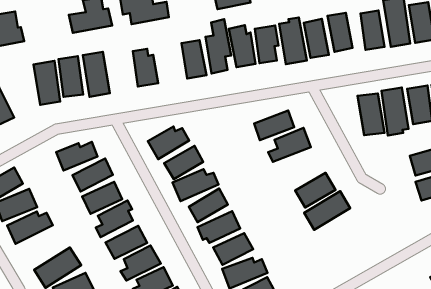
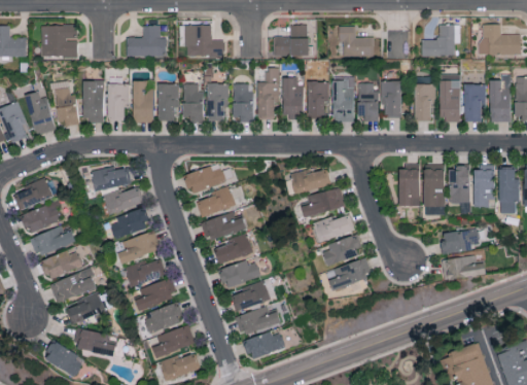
building: none -> [207,82,226,120]
building: none -> [157,82,178,119]
building: none -> [52,86,77,126]
building: none -> [314,213,355,241]
building: none -> [41,248,82,278]

